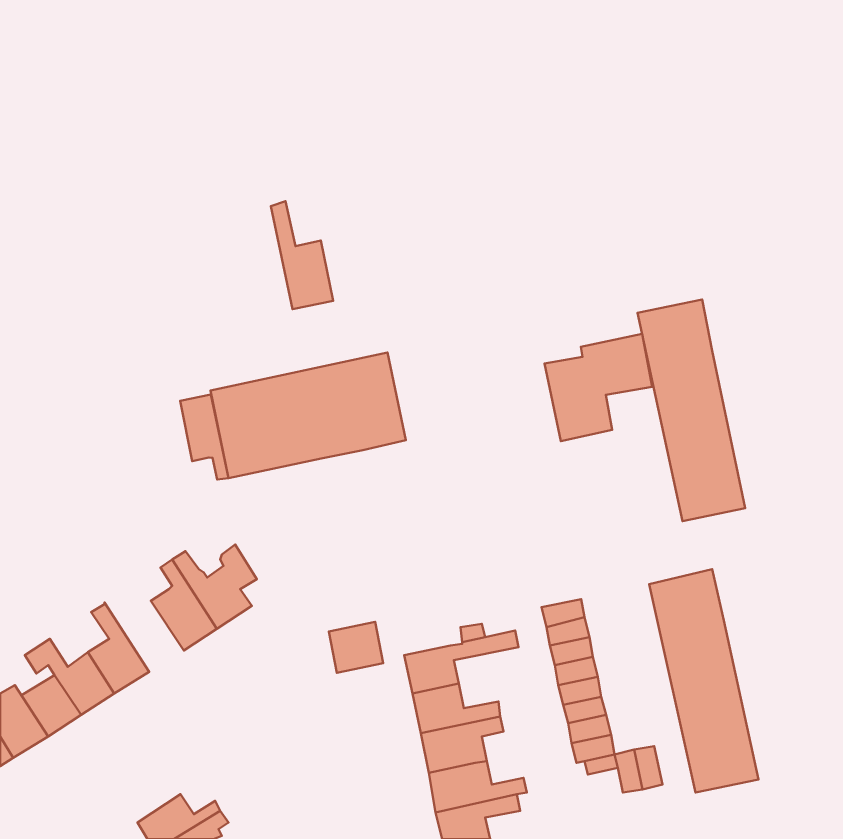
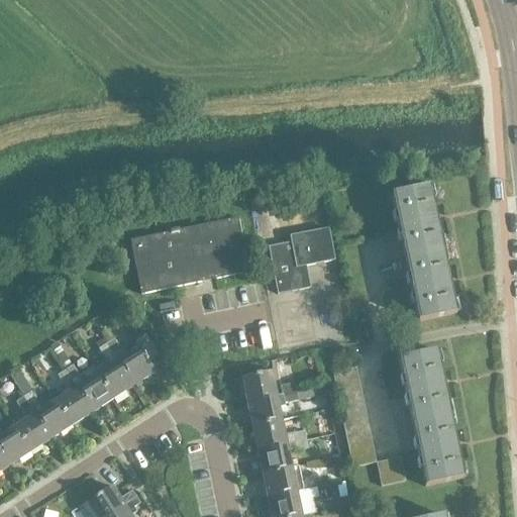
building: [271,201,333,309] -> none
building: [544,334,652,441] -> [269,226,334,292]
building: [180,395,229,480] -> none
building: none -> [50,339,114,410]
building: [329,622,383,673] -> [243,369,277,400]

